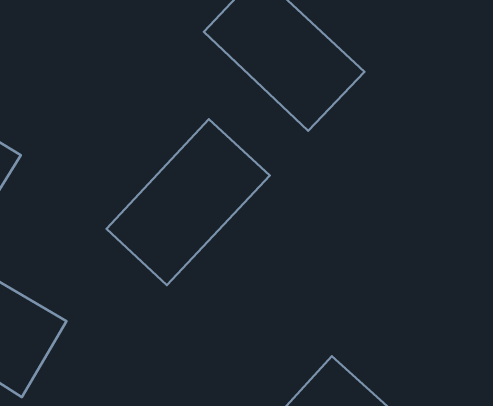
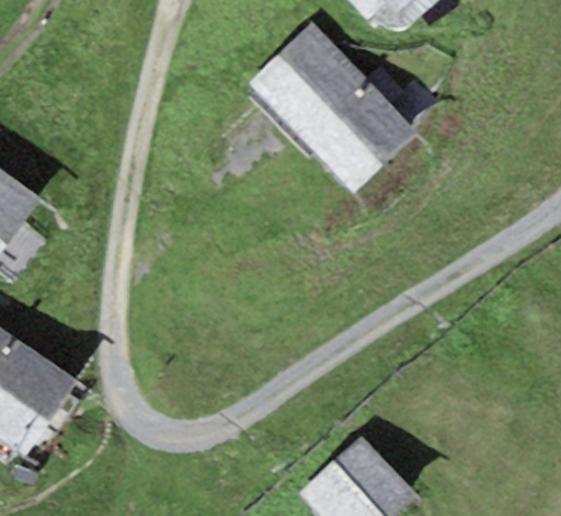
building: [107,119,270,285] -> none

